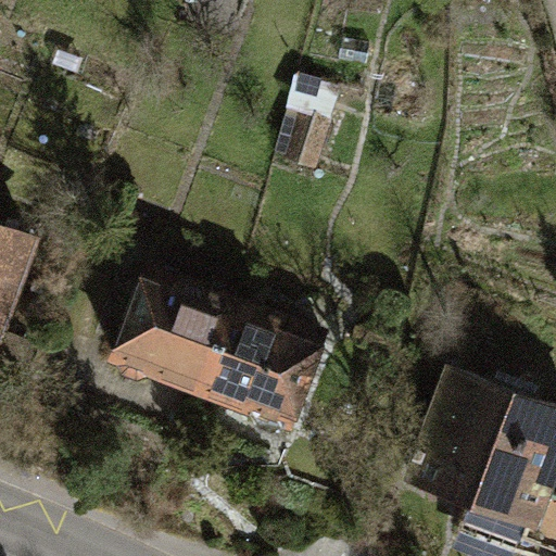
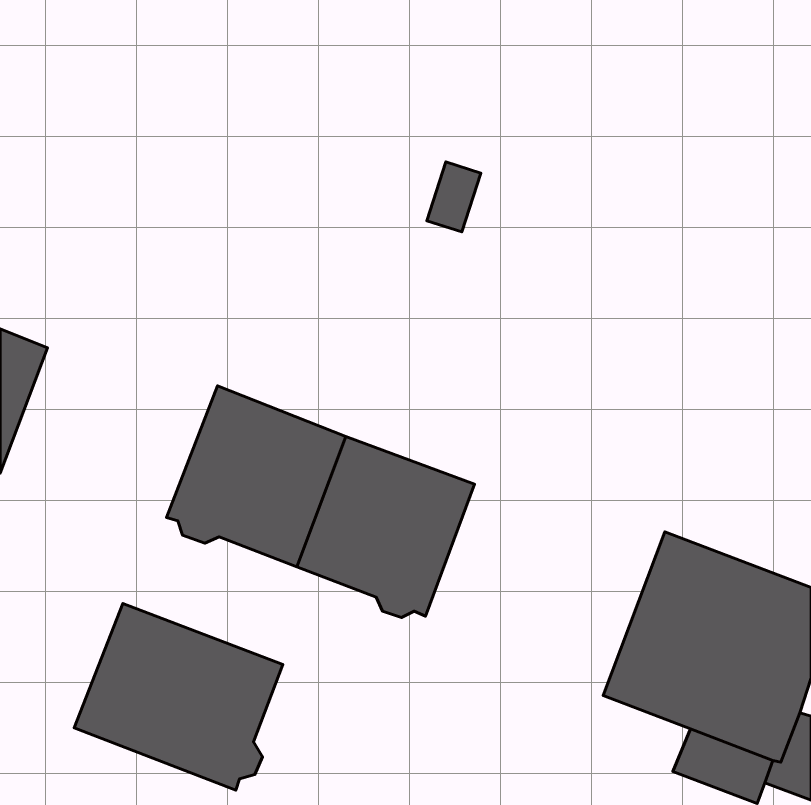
building: none -> [74,603,283,790]

